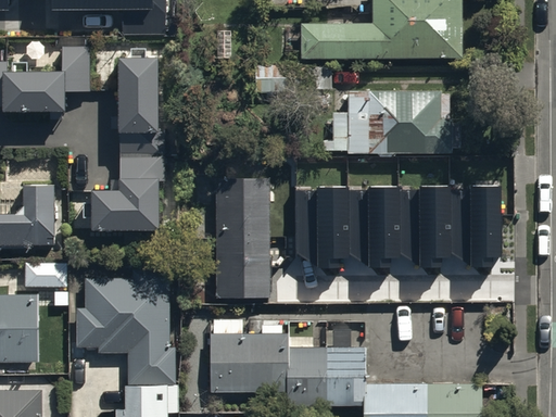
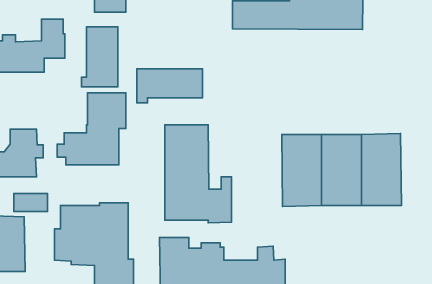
building: [323,90,460,157] -> none
building: none -> [137,69,203,103]
building: [313,190,363,280] -> none

